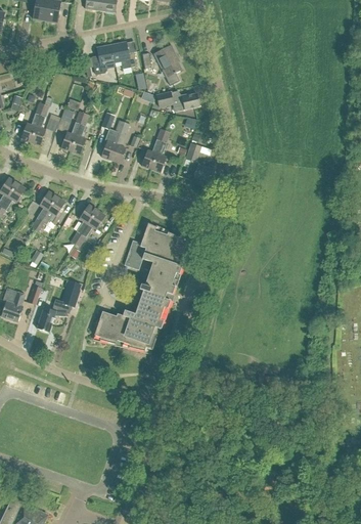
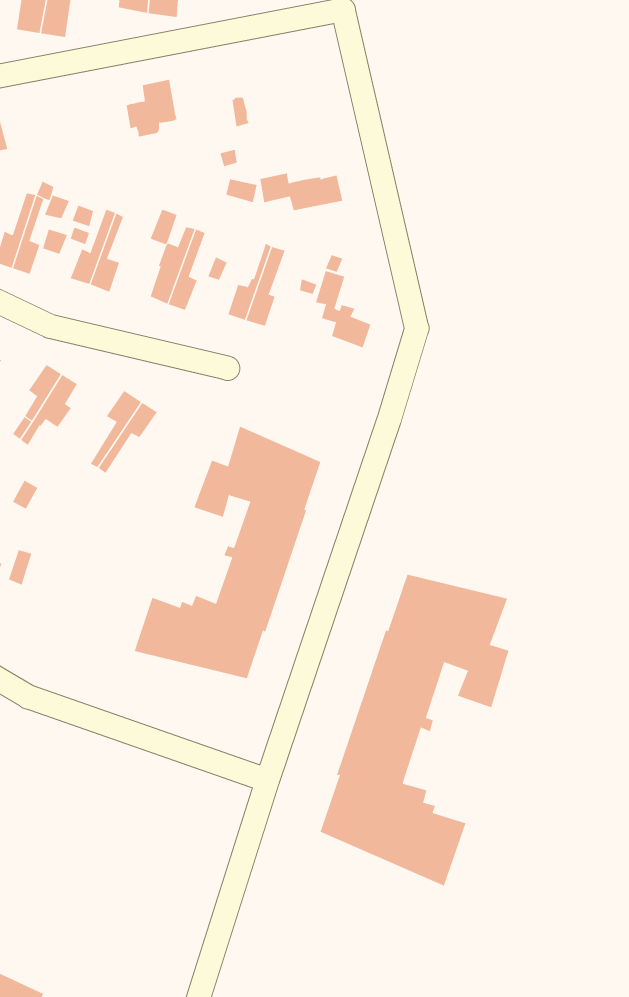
building: [111,41,137,68] -> none
building: [154,44,182,85] -> none
building: [37,286,79,332] -> none
building: none -> [320,574,509,887]

